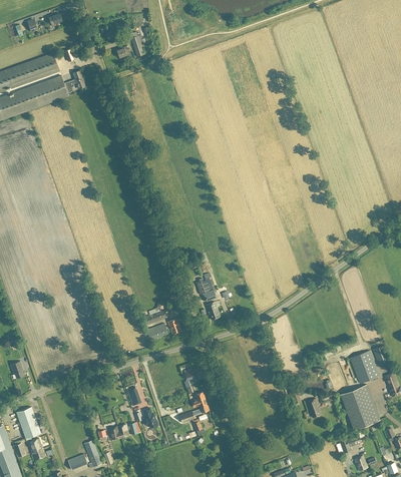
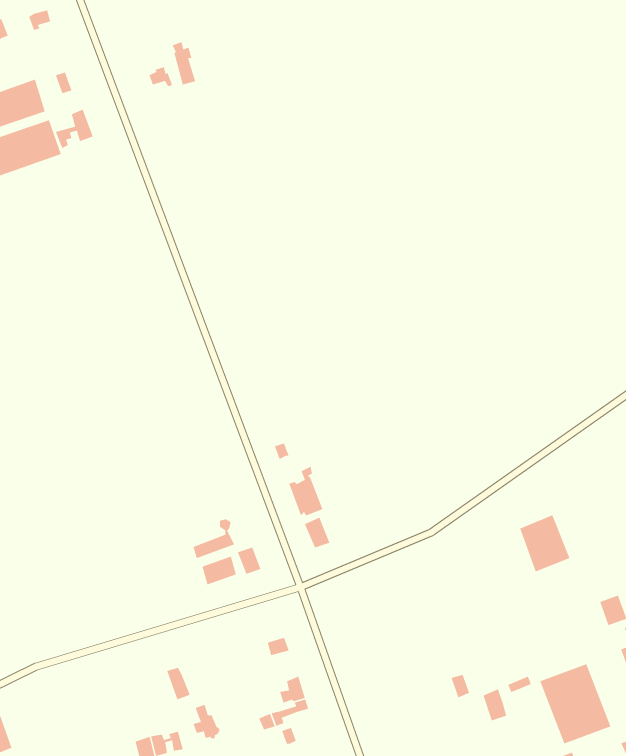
building: [349,350,378,383] -> [519,514,570,572]

